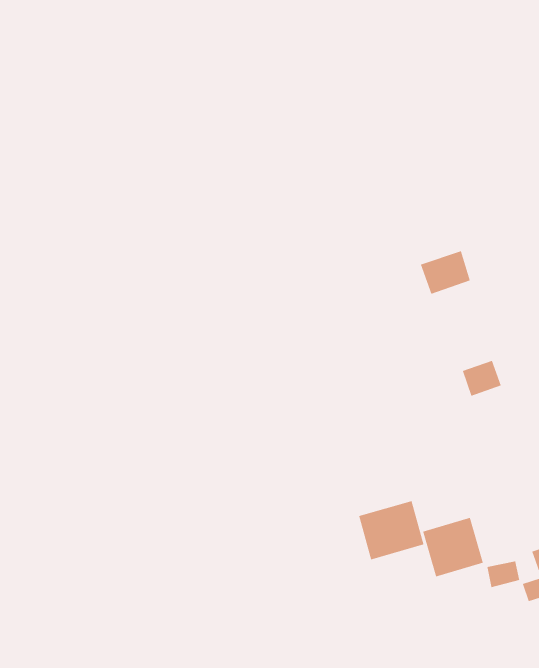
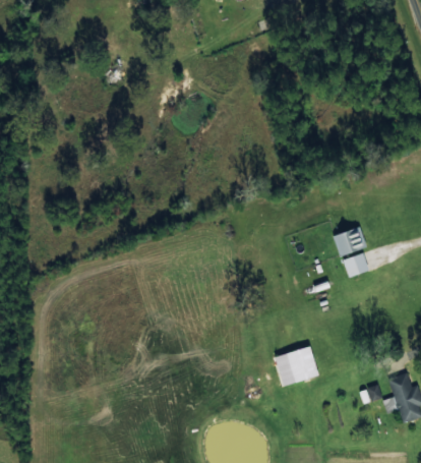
building: [420,250,471,295] -> [333,227,366,256]
building: [422,517,484,577] -> none

